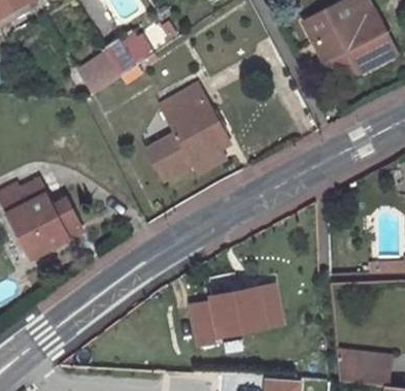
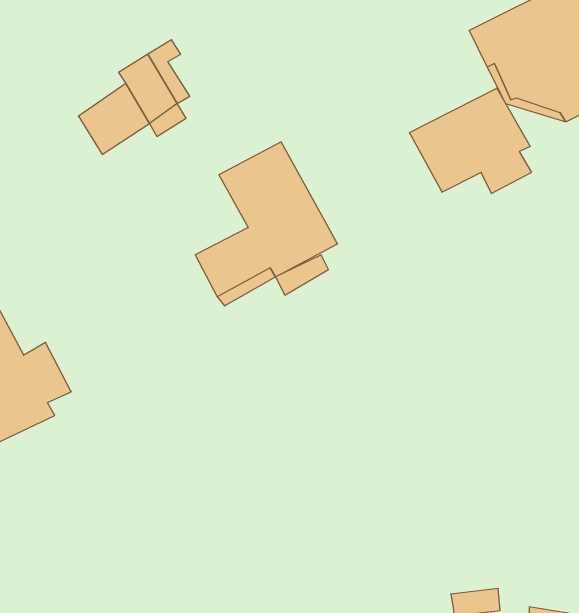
building: none -> [410,88,531,194]
building: [191,284,281,346] -> none

